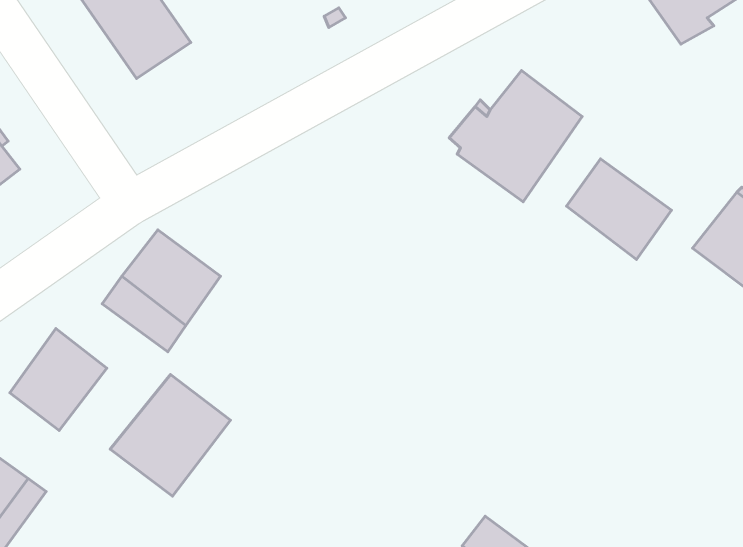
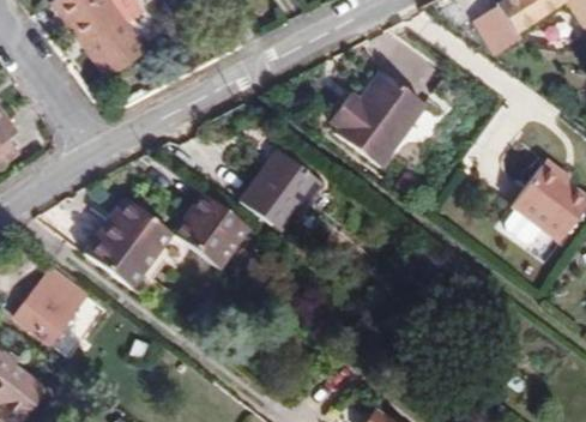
building: [566,159,671,260] -> none
building: none -> [237,144,318,227]
building: none -> [170,186,241,258]
building: [110,375,230,496] -> none

